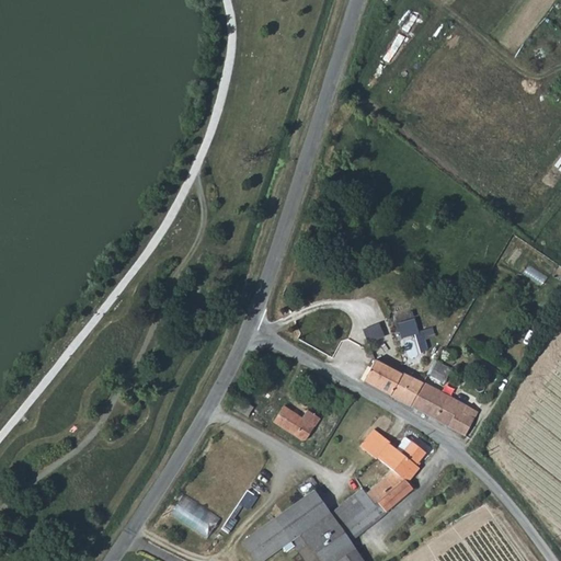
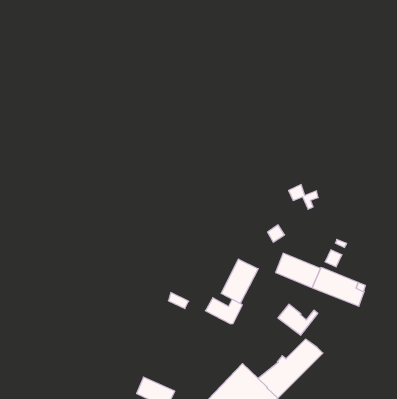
building: [398,318,434,350] -> [289,185,318,209]
building: none -> [221,259,258,303]
building: [388,438,426,481] -> none

